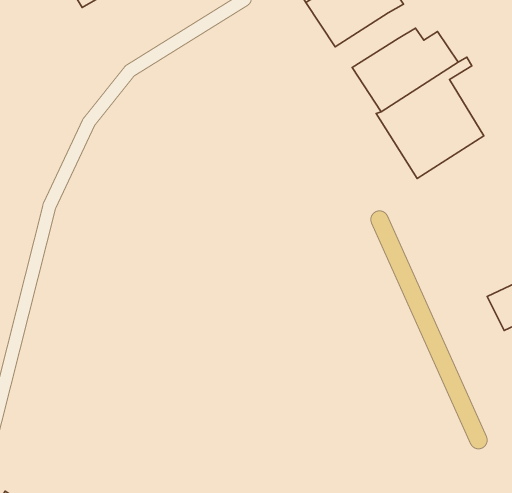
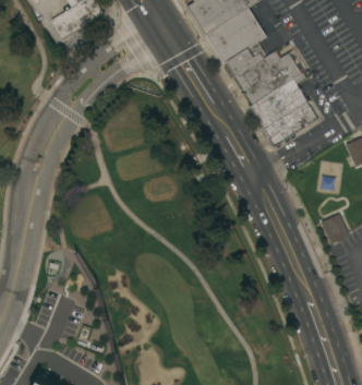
building: none -> [224,41,265,79]

